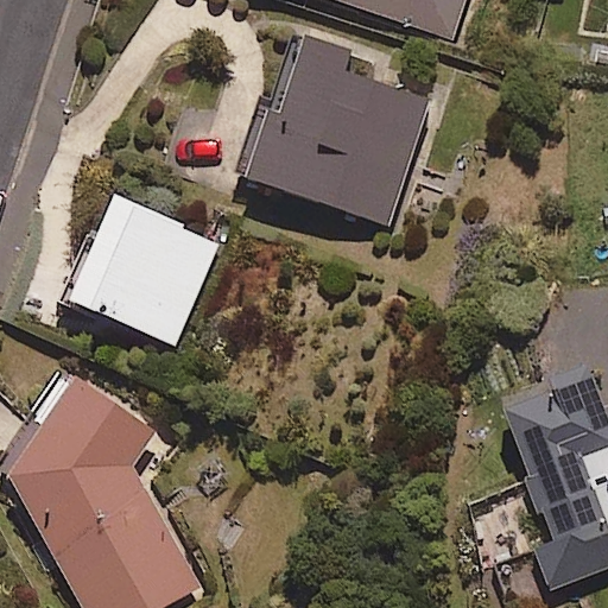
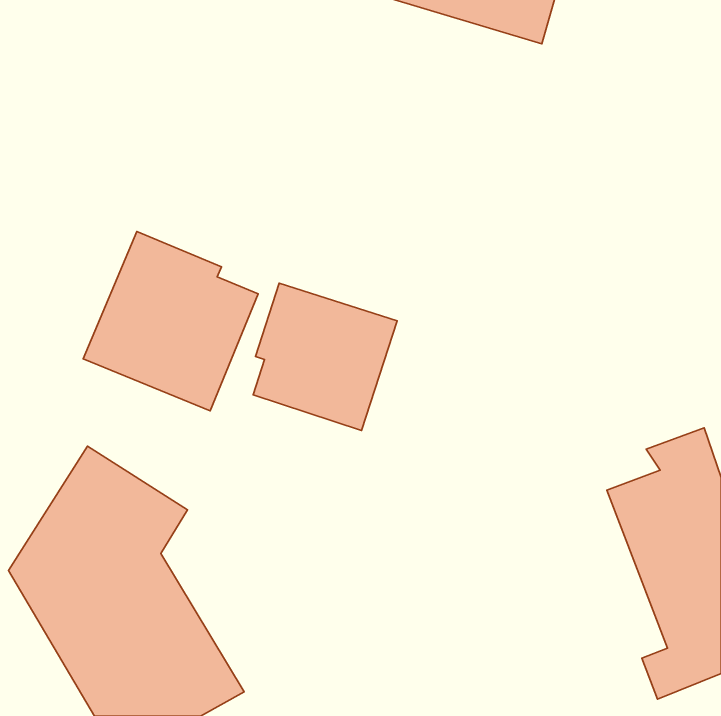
building: [238,37,425,224] -> none
building: none -> [253,283,397,431]

